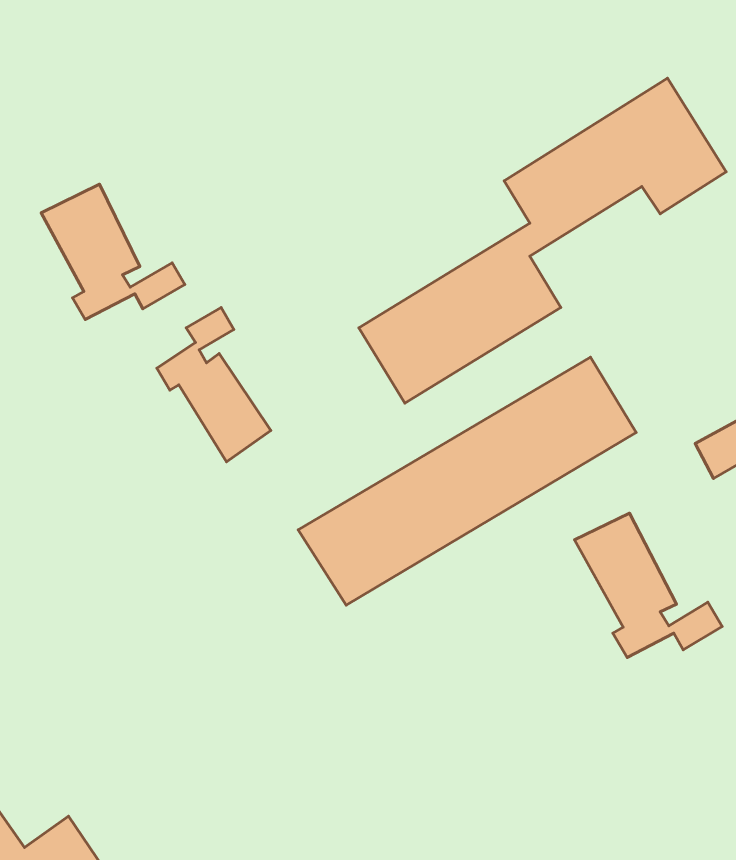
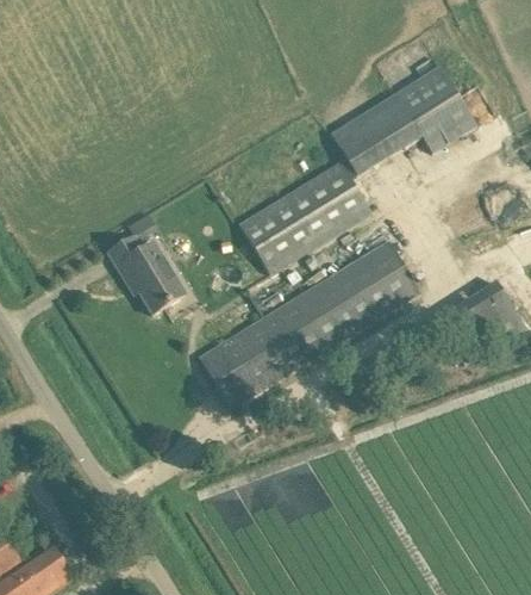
building: [41,184,185,320] -> none
building: [574,513,722,657] -> none

